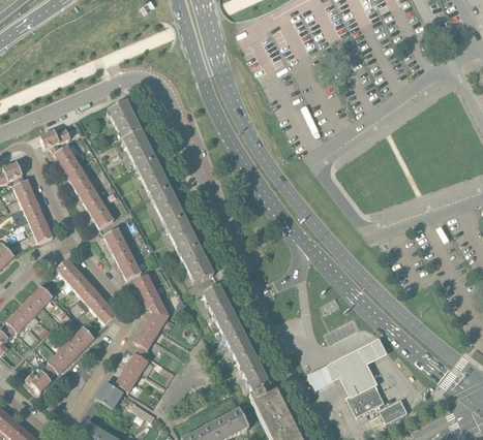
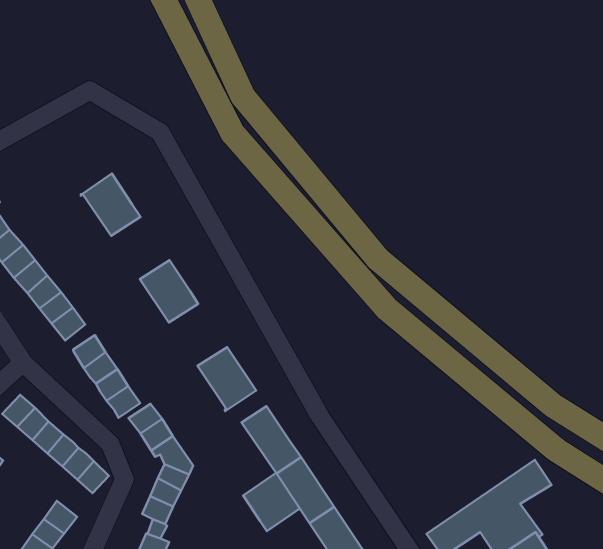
building: [105,99,141,138] -> none
building: [135,157,170,195] -> none
building: [164,215,199,253] -> none
building: none -> [243,473,300,531]

